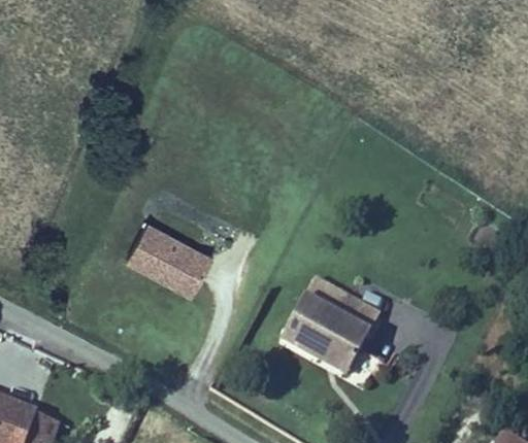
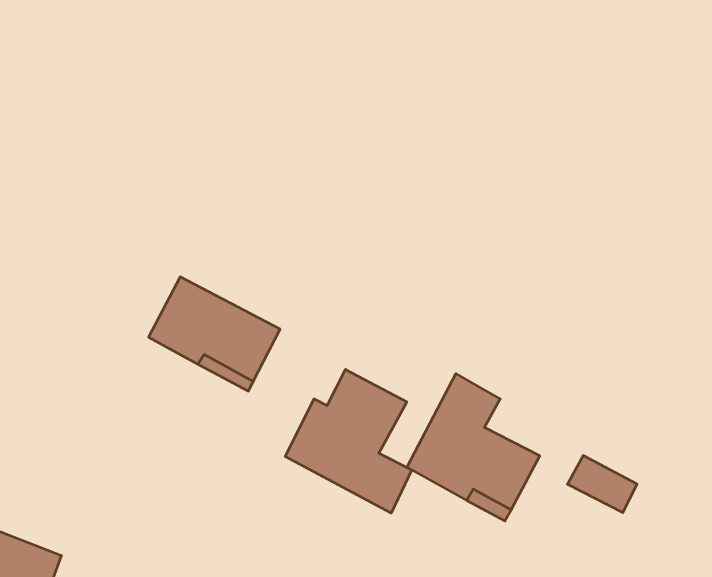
building: none -> [285,369,412,513]
building: [335,300,381,337] -> [567,456,637,513]

